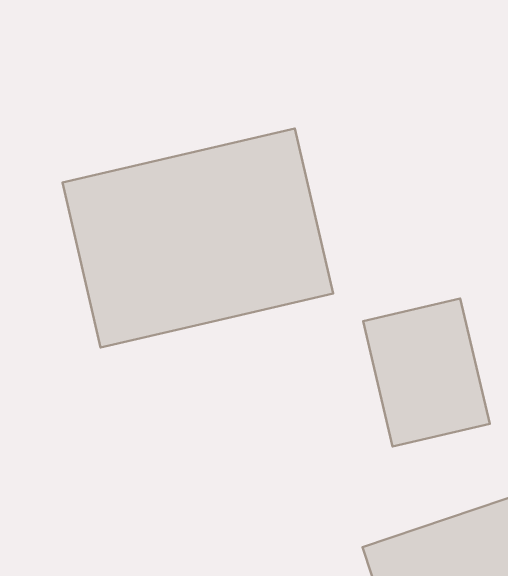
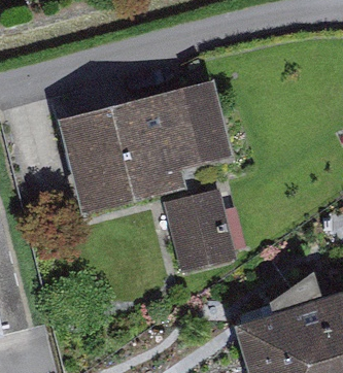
building: [363,299,490,446] -> [164,182,239,270]

